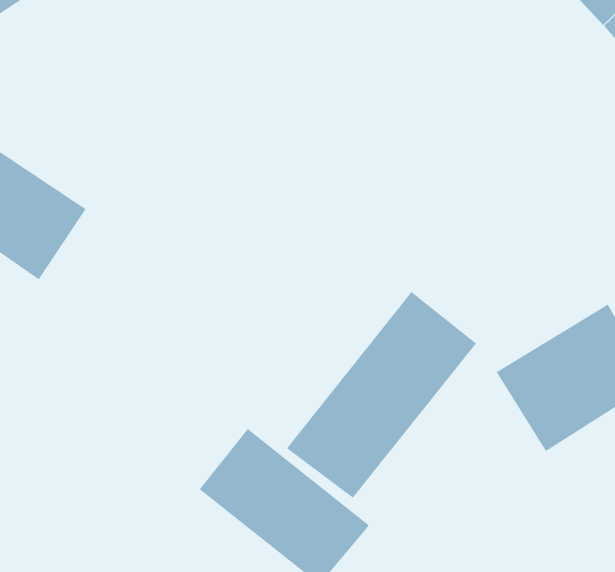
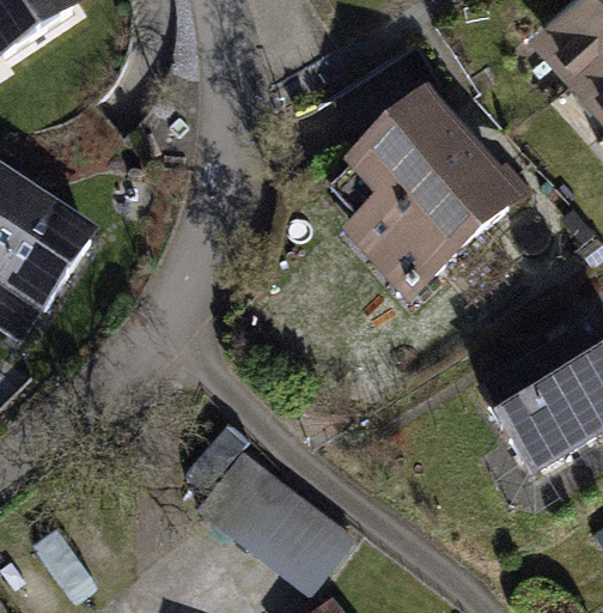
building: none -> [353,108,524,292]
building: [286,291,477,499] -> none

